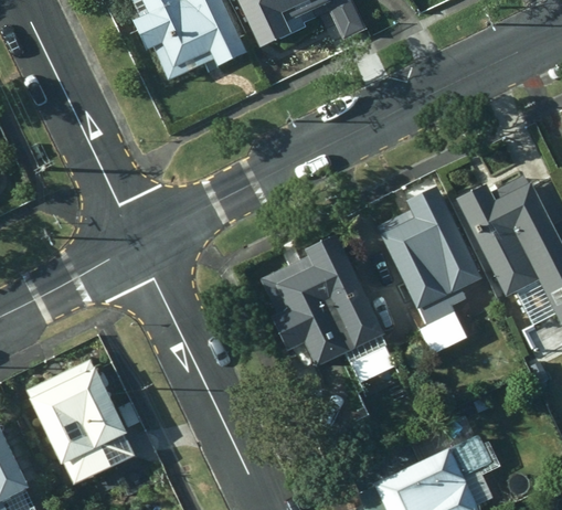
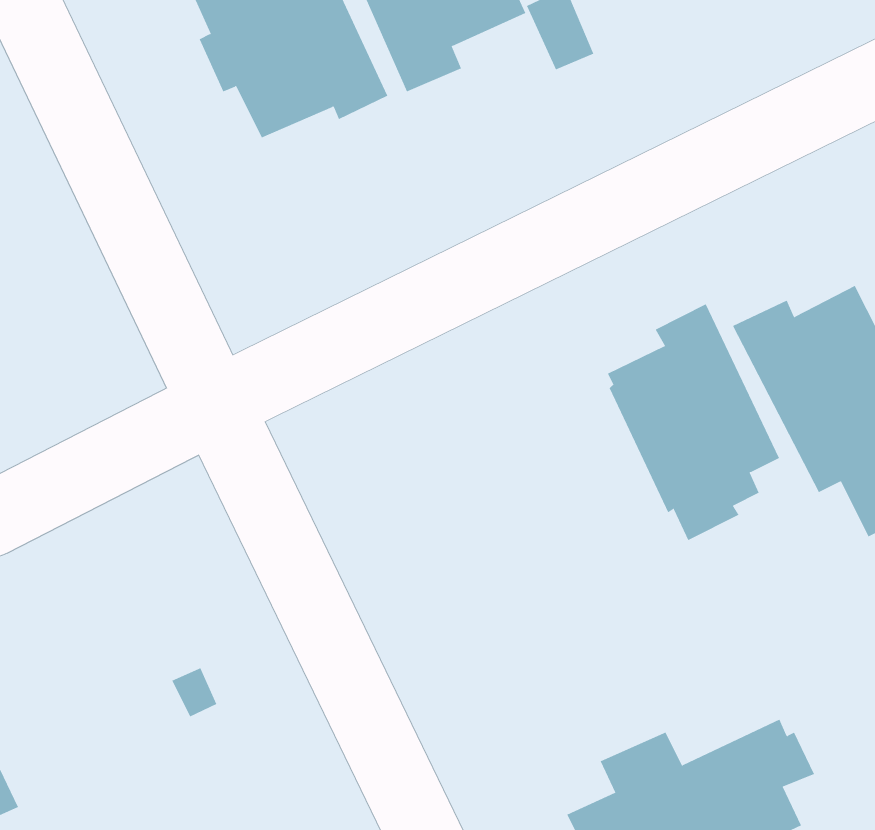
building: [262,235,393,366] -> none
building: [28,361,136,485] -> none

